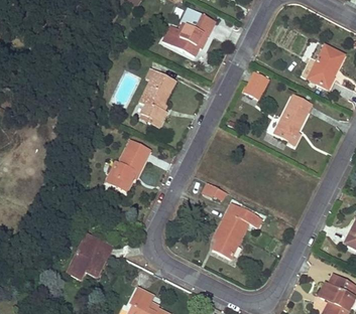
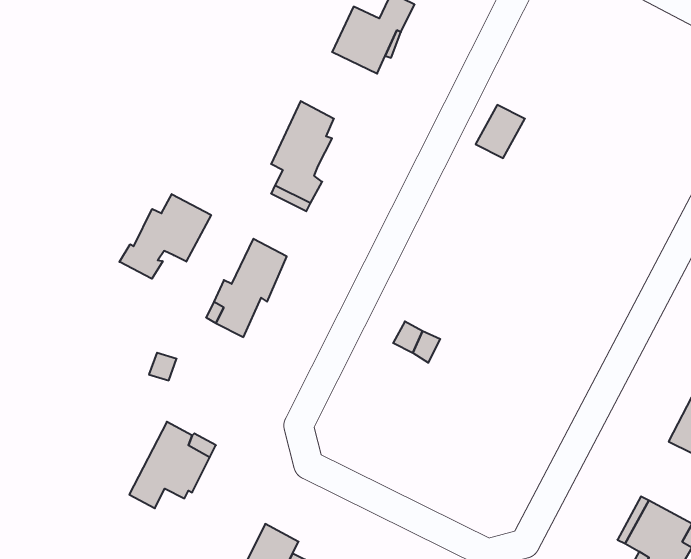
building: [308,46,343,90] -> none
building: [273,95,312,145] -> none
building: none -> [119,194,211,279]
building: [213,203,262,259] -> none

